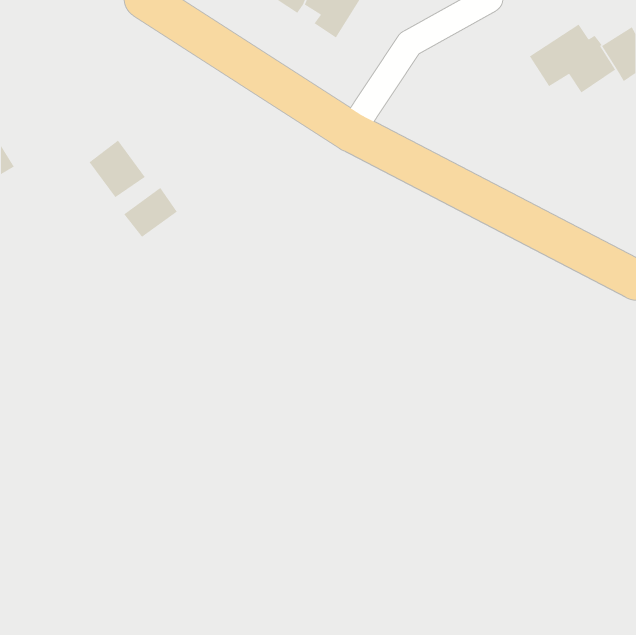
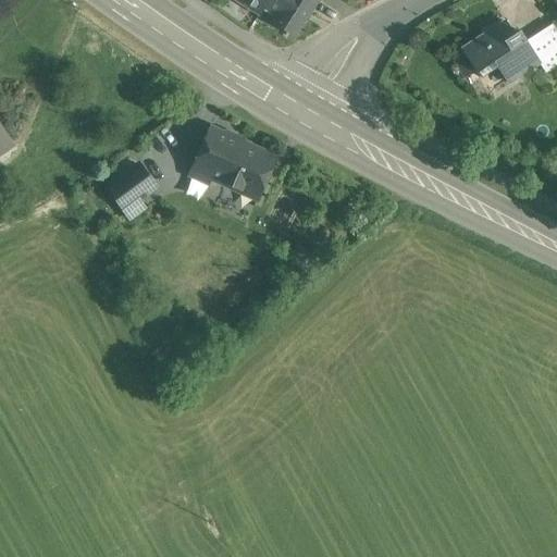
building: [88,139,146,198] -> none
building: none -> [190,126,276,198]

